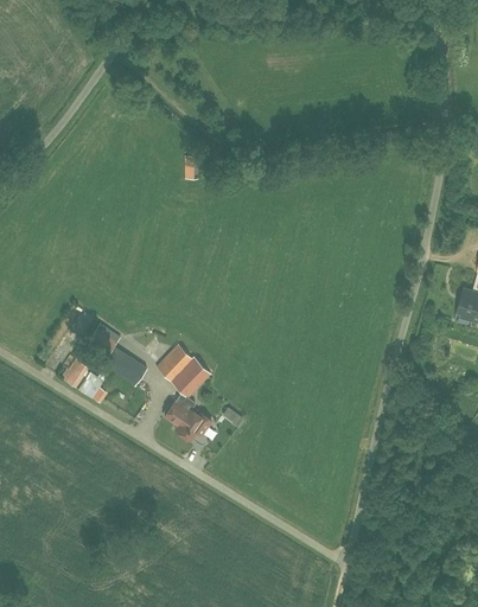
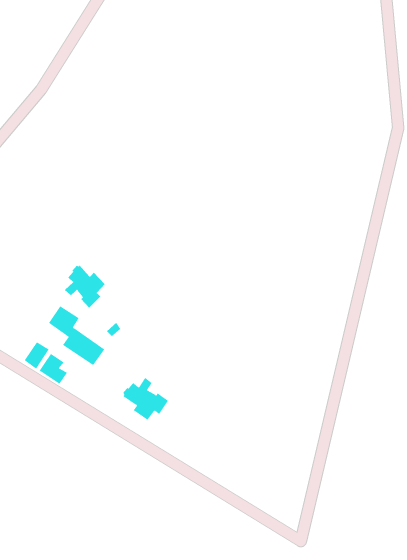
building: none -> [65,264,105,308]
building: [157,344,210,396] -> none

